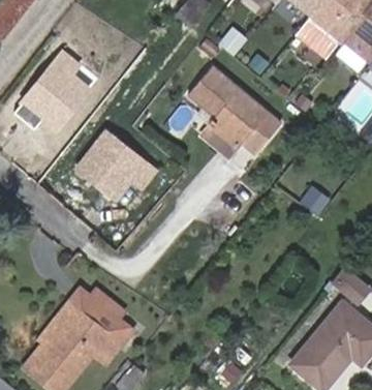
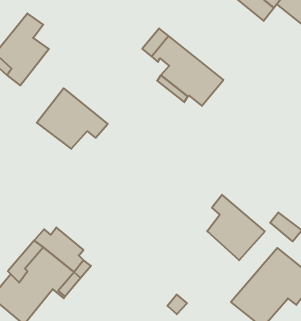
building: none -> [207,195,265,260]

